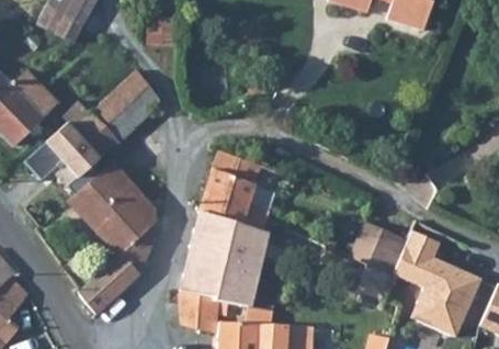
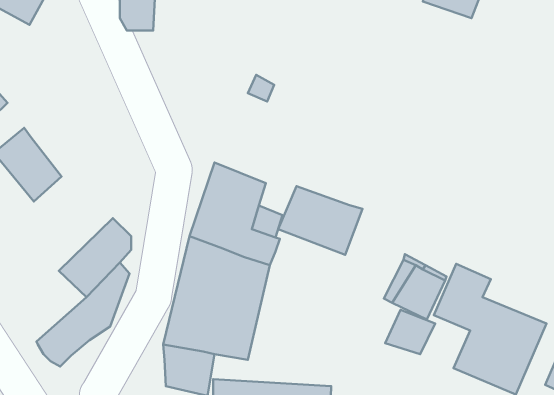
building: [75,69,158,160] -> none
building: [66,164,139,235] -> none
building: none -> [278,186,363,255]

